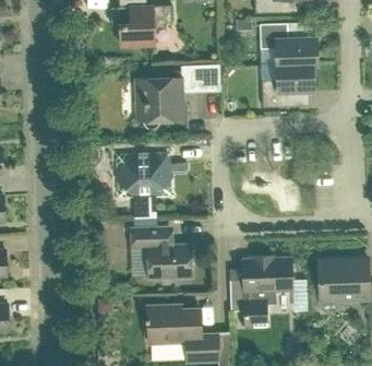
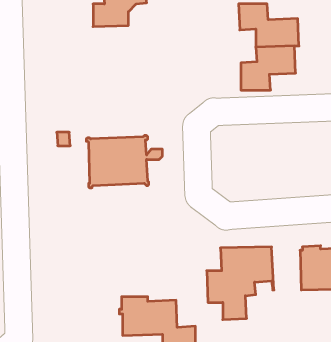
building: [135,64,220,129] -> none
building: [131,227,192,279] -> none

